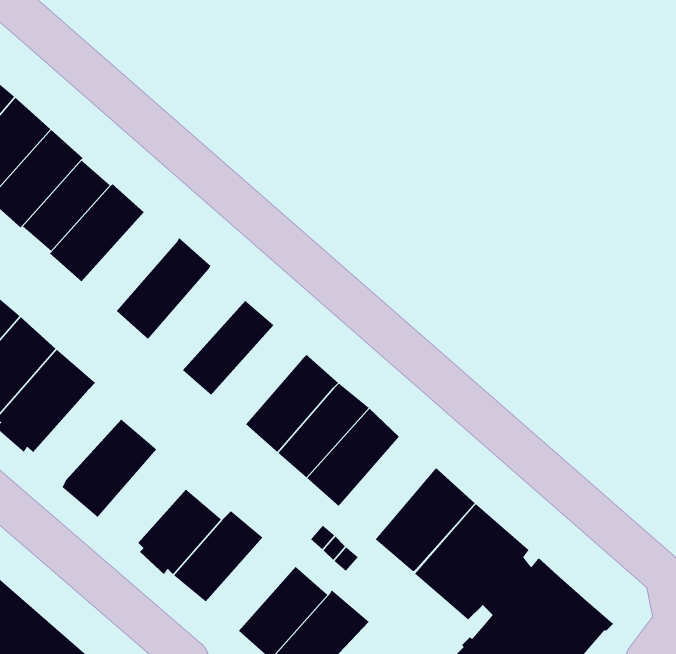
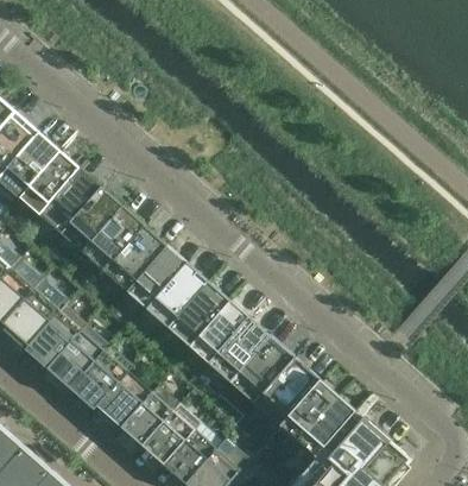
building: none -> [61,189,124,254]
building: none -> [103,227,169,294]
building: none -> [146,264,209,329]
building: none -> [29,307,87,366]
building: none -> [230,337,295,405]
building: none -> [71,346,134,411]
building: none -> [143,404,202,466]

